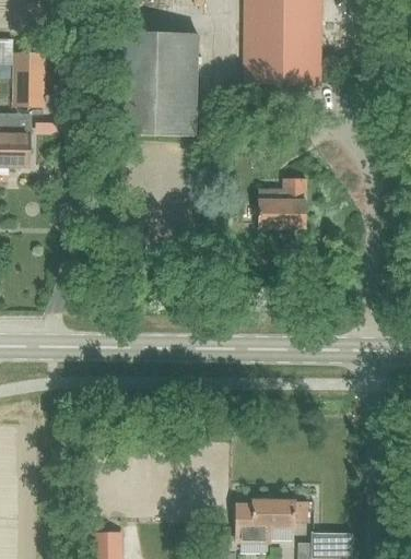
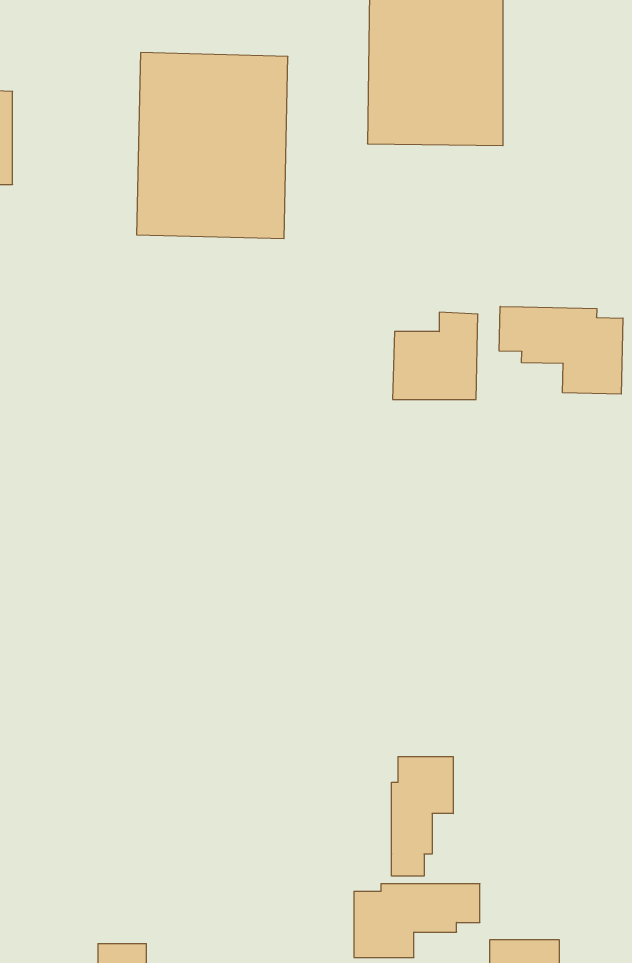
building: none -> [499,306,623,394]
building: none -> [392,757,453,876]

